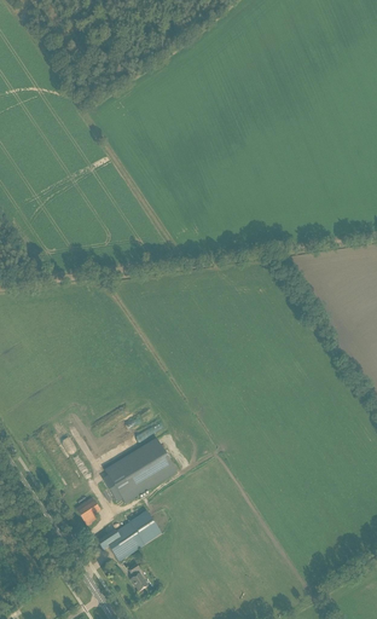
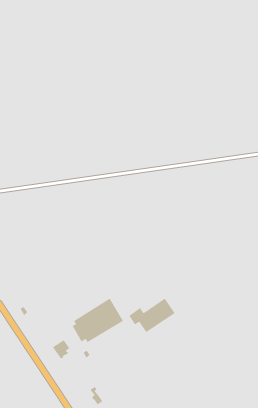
building: [94,511,161,561] -> [129,298,176,333]

